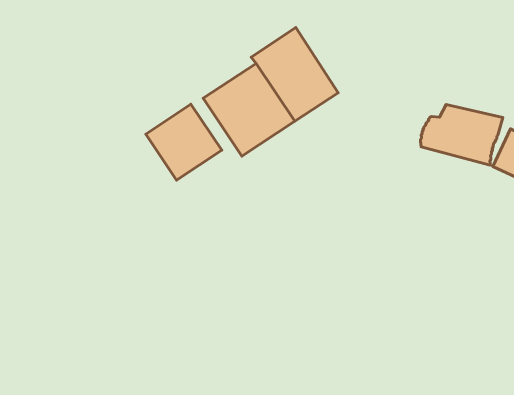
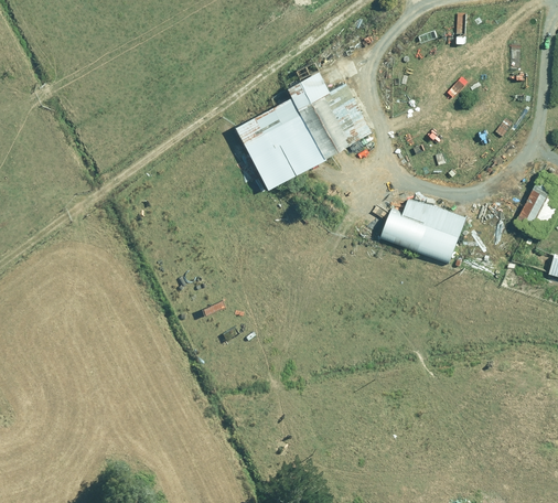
building: [146,104,222,180] -> none
building: [420,105,503,165] -> [383,200,468,265]

